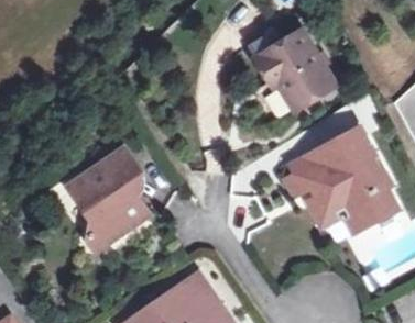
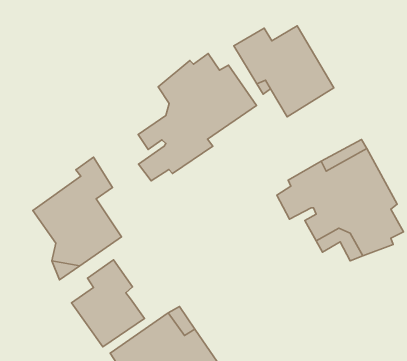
building: none -> [138,54,257,181]
building: none -> [72,260,144,347]

